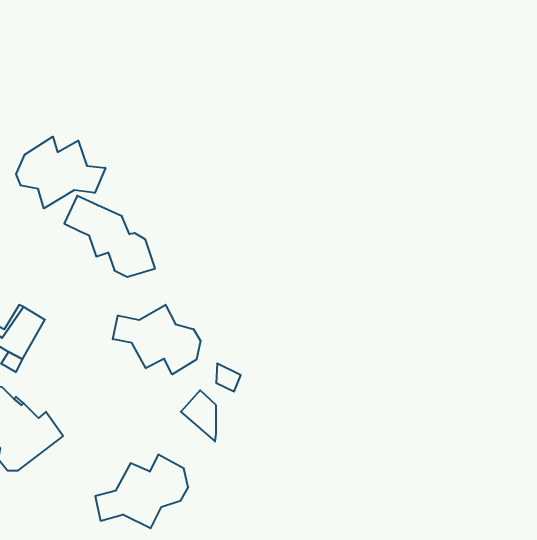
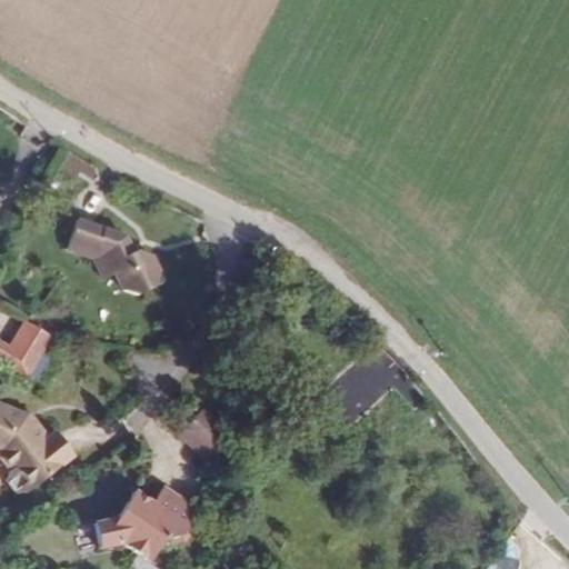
building: [16,137,105,208] -> none
building: [113,305,201,374] -> none

